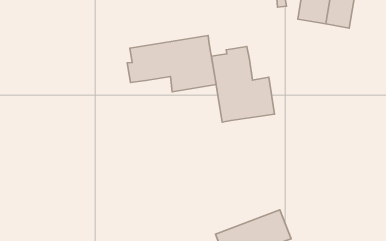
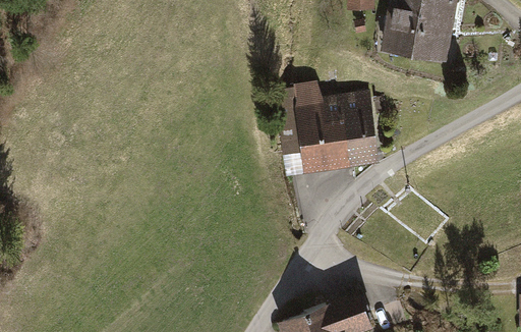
building: [127,36,216,92] -> none
building: none -> [321,92,380,168]

